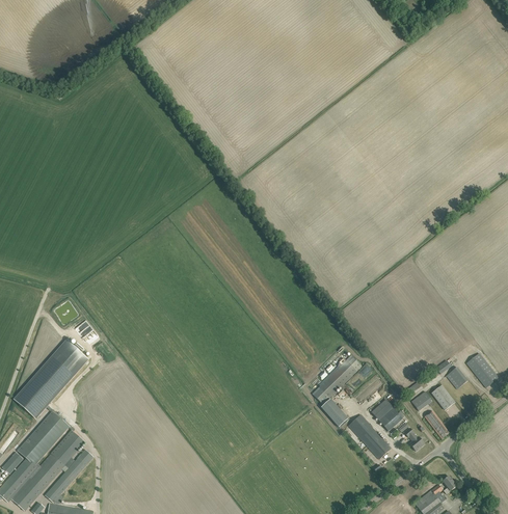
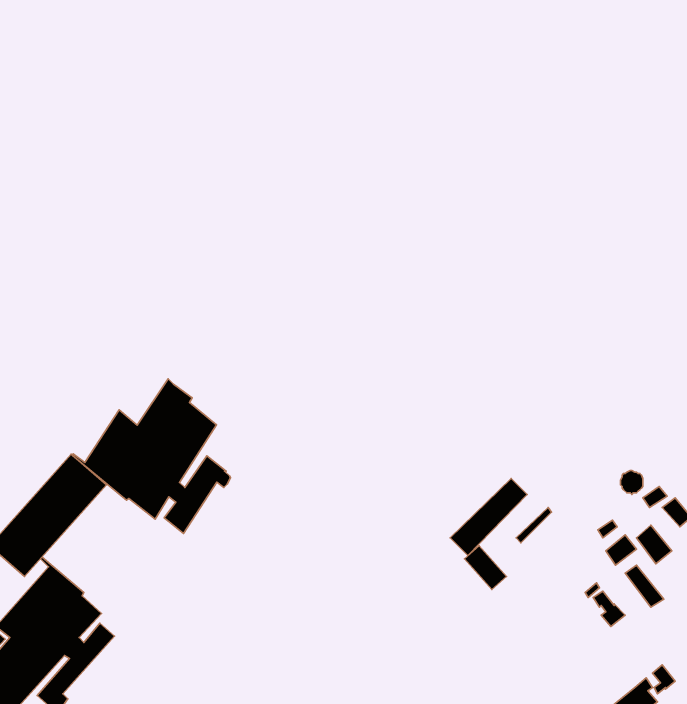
building: none -> [72,379,231,533]
building: [370,399,402,430] -> none
building: [347,413,391,458] -> none

